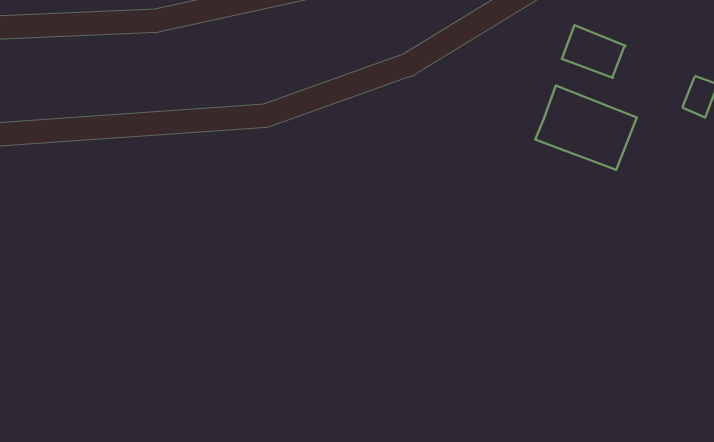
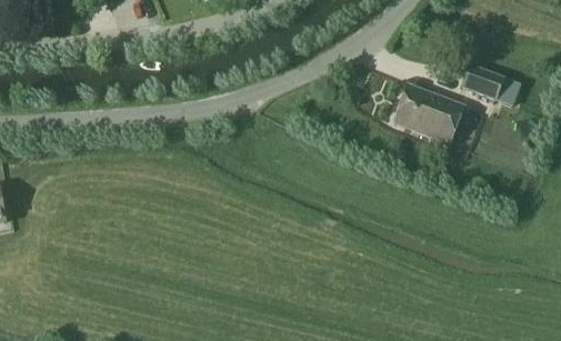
building: [562,25,625,78] -> [461,62,505,99]

